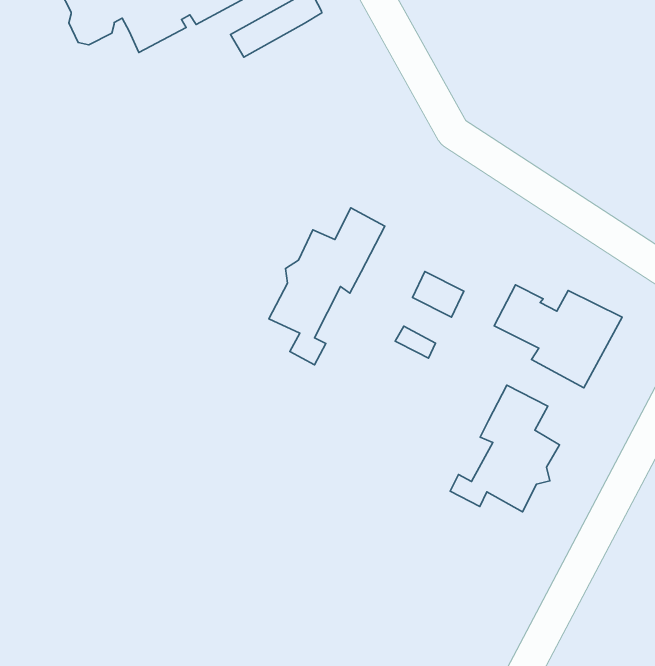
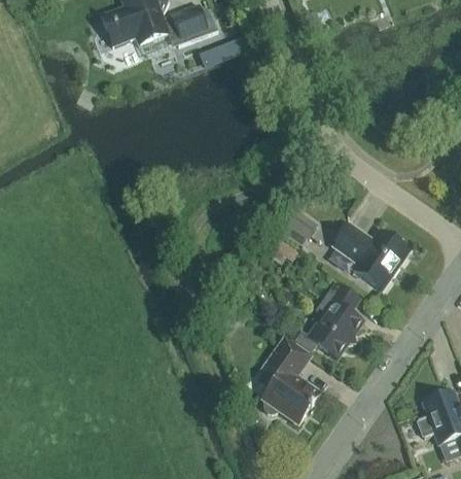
building: [269,208,385,365] -> none
building: none -> [260,337,319,423]

